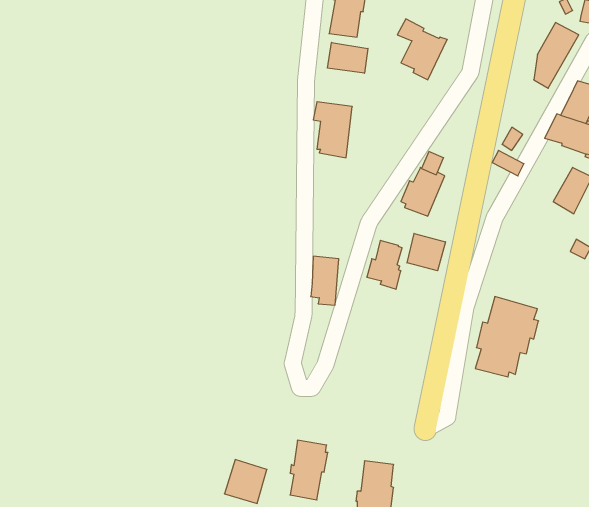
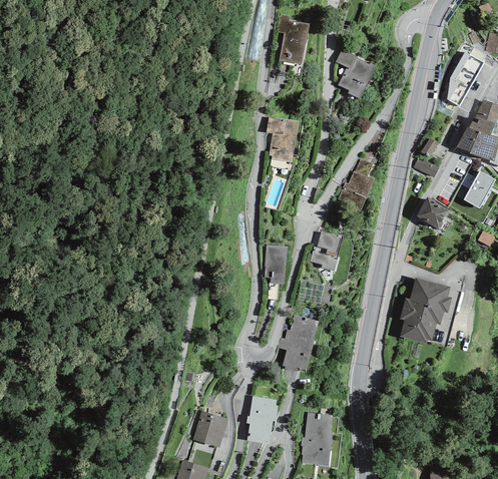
building: [328,42,368,73] -> none
building: none -> [416,197,450,229]
building: [407,233,445,271] -> none
building: none -> [278,316,318,372]

